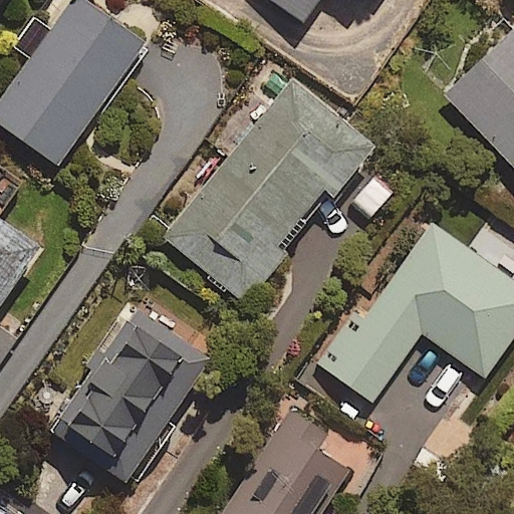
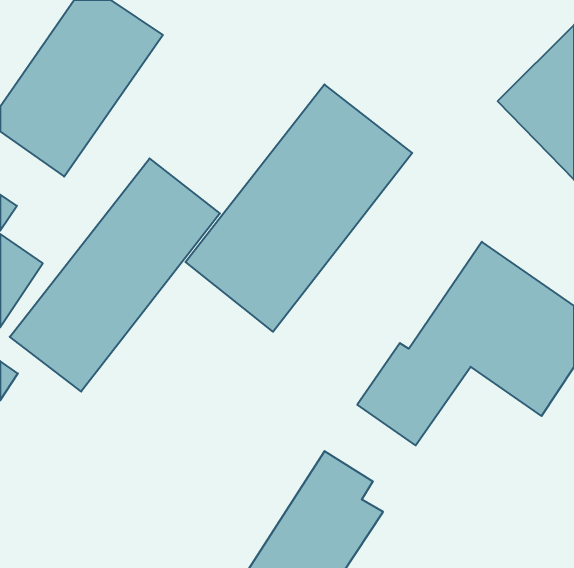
building: none -> [10,158,220,392]
building: [49,301,211,480] -> none

